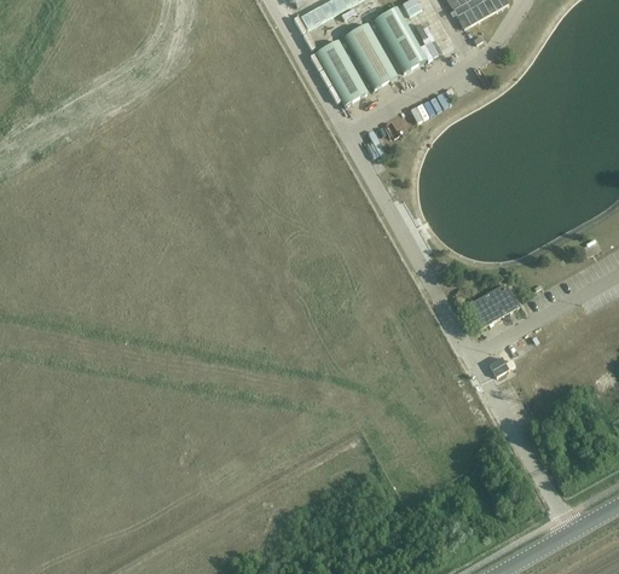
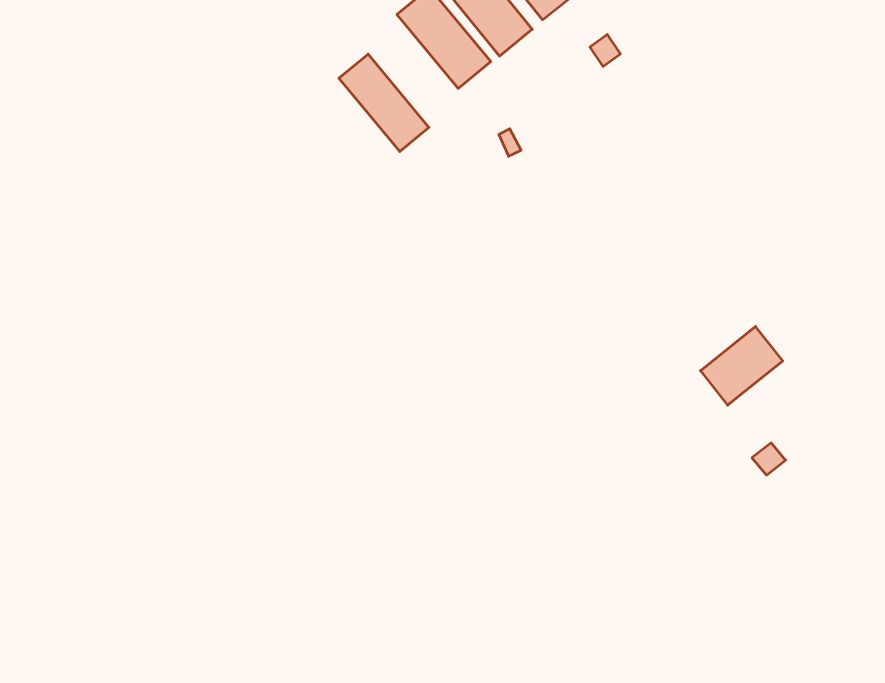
building: none -> [339,54,429,152]

